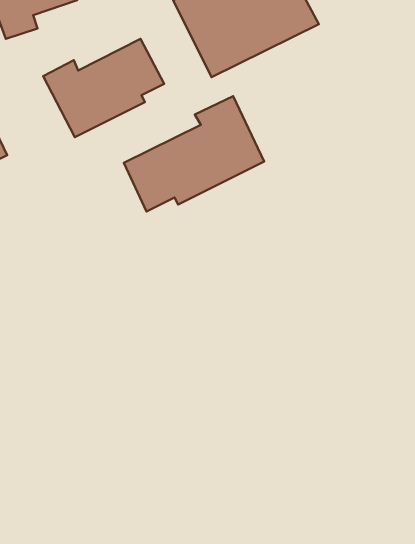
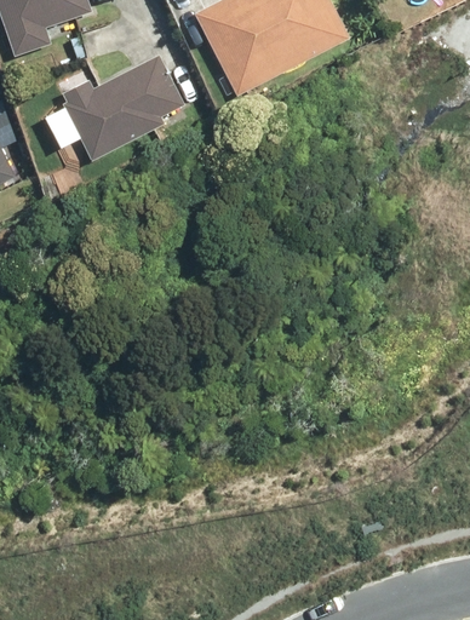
building: [124,96,264,211] -> none

